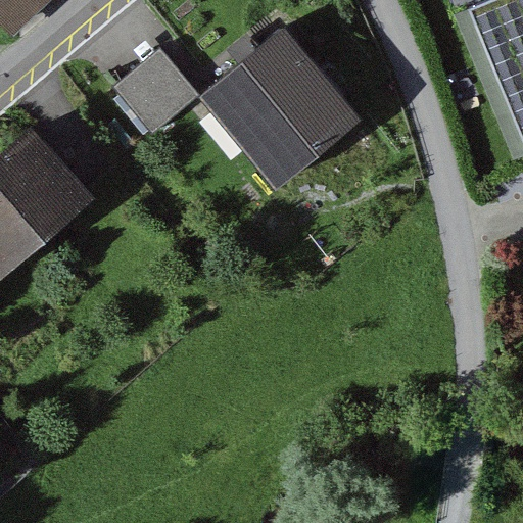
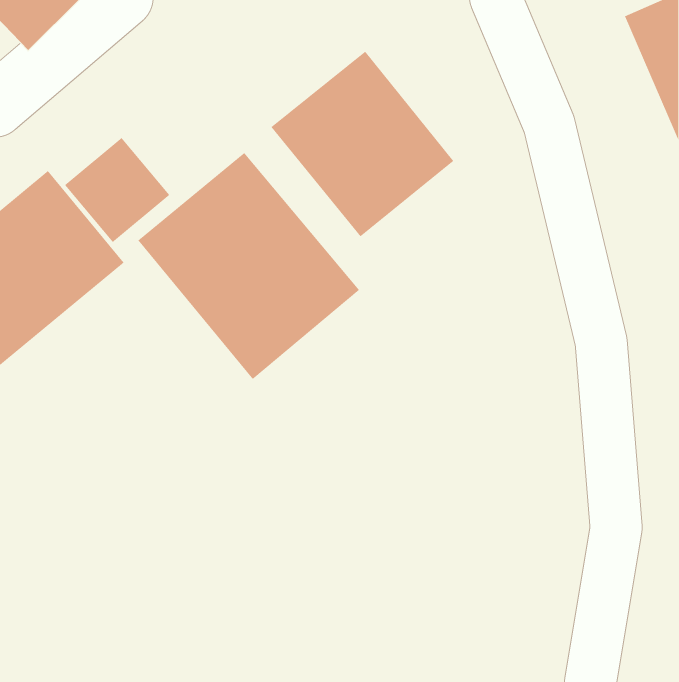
building: [112,50,193,131] -> [64,137,170,243]
building: none -> [137,152,360,380]

